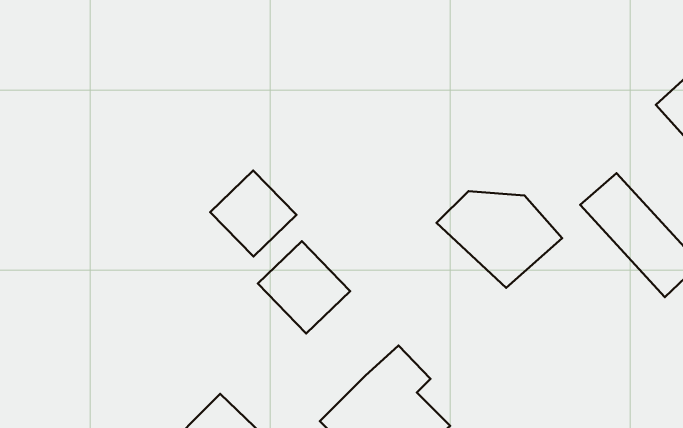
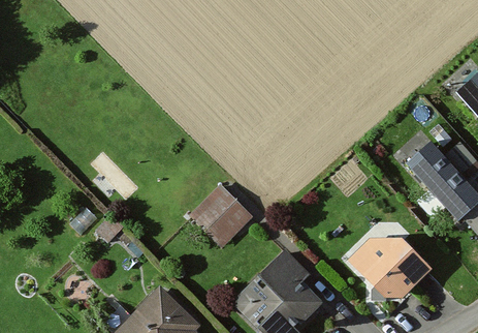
building: [210,170,296,257] -> none
building: [437,191,562,288] -> [348,239,434,305]

